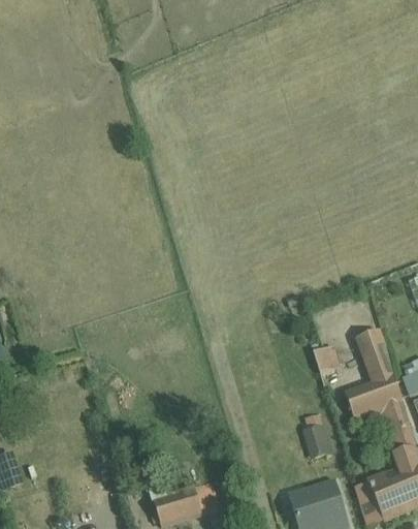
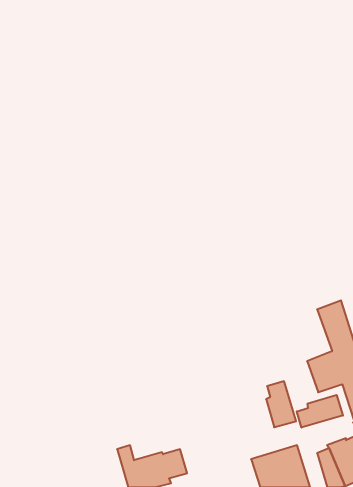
building: [314,346,343,376] -> none
building: none -> [297,395,343,428]

